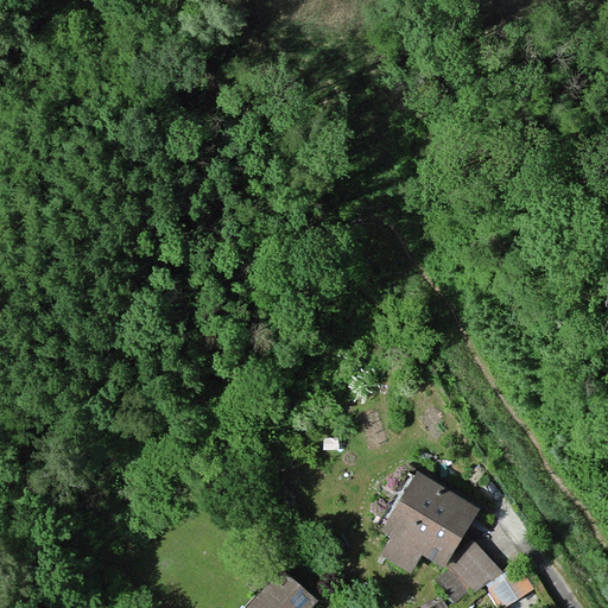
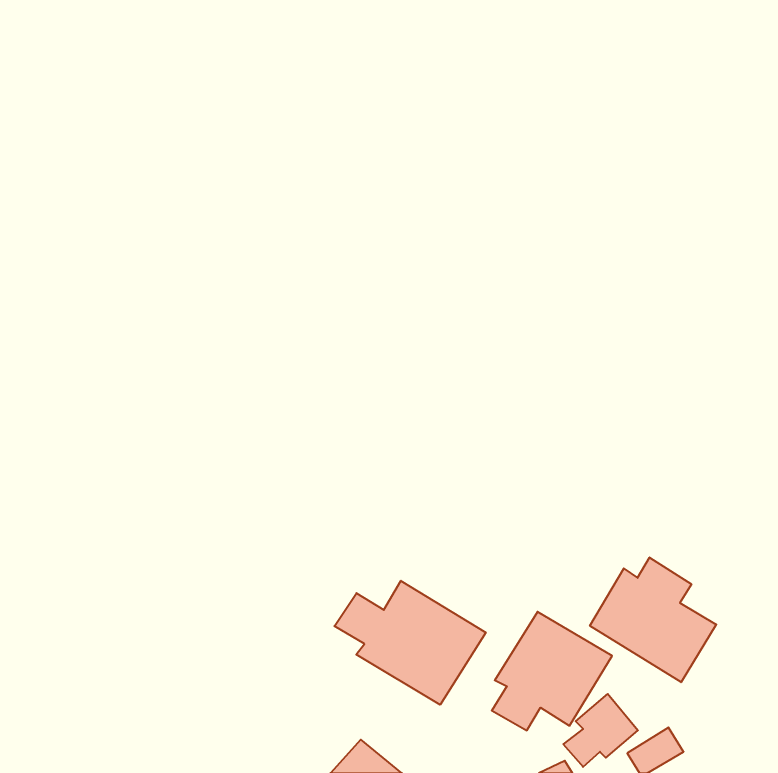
building: none -> [590,557,716,682]
building: none -> [334,581,486,705]

